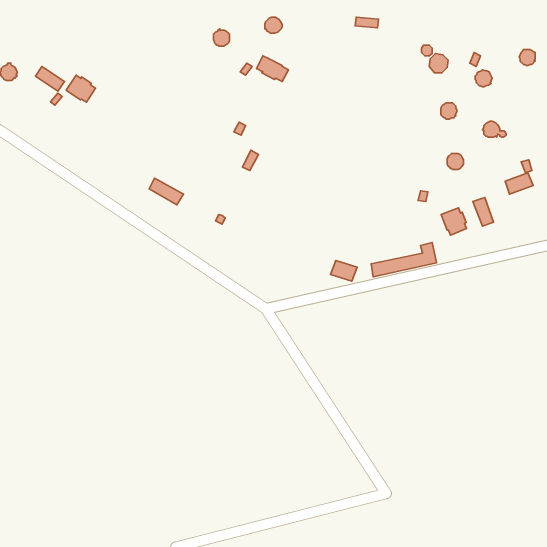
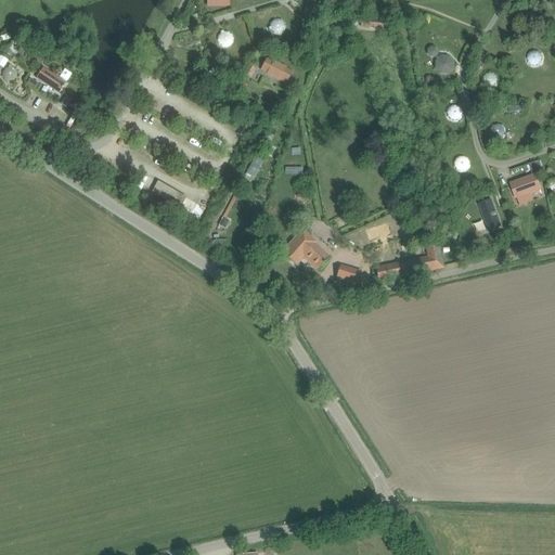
building: [66,75,95,102] -> none
building: [441,208,467,235] -> none
building: none -> [280,228,328,269]

